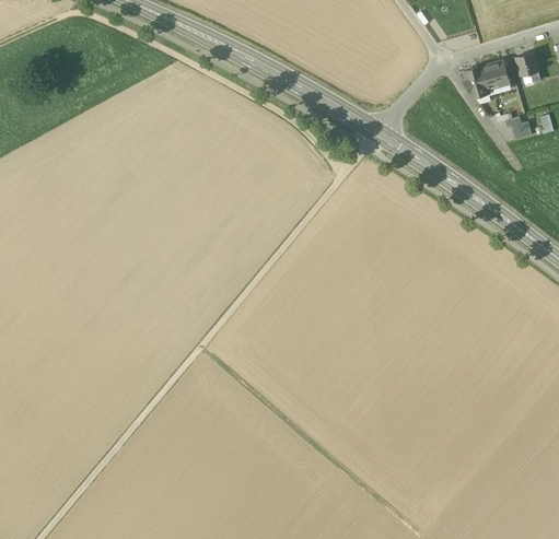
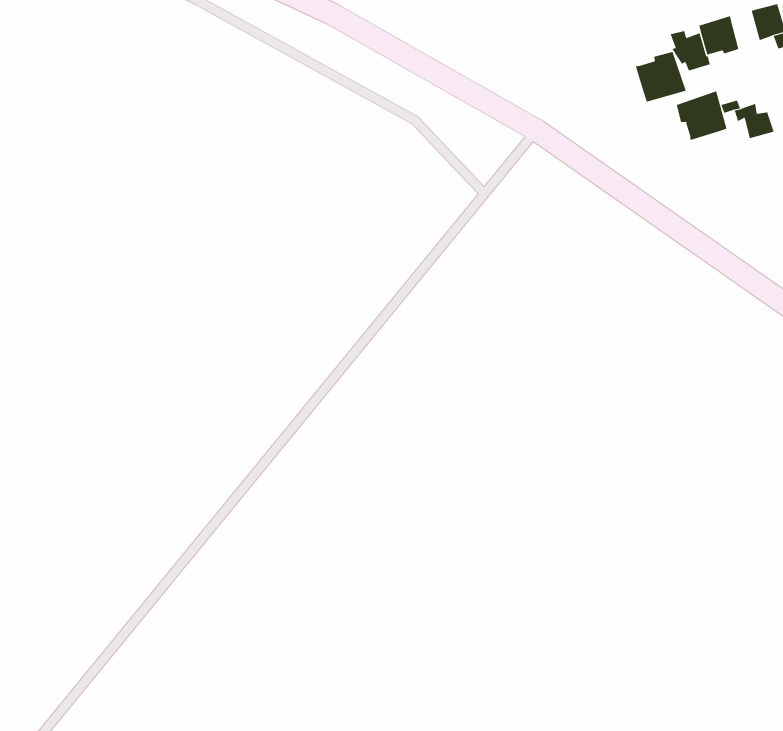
building: none -> [635,51,687,102]
building: none -> [676,91,727,141]

